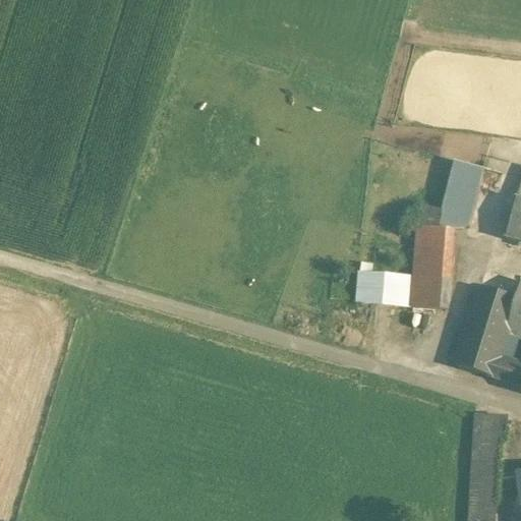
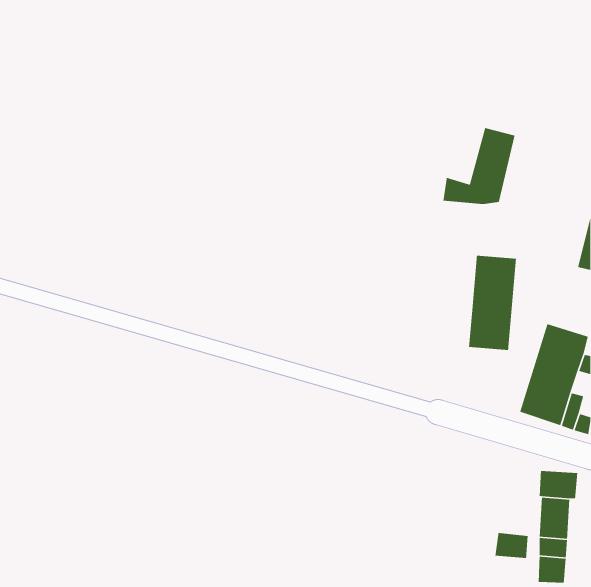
building: [418,159,482,227] -> [443,127,516,205]
building: [364,269,414,305] -> none
building: none -> [495,532,529,559]

